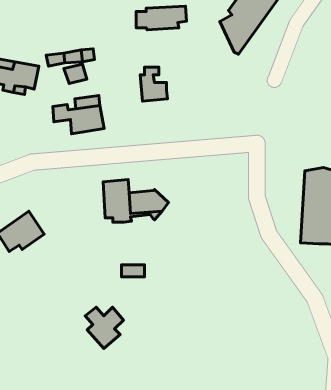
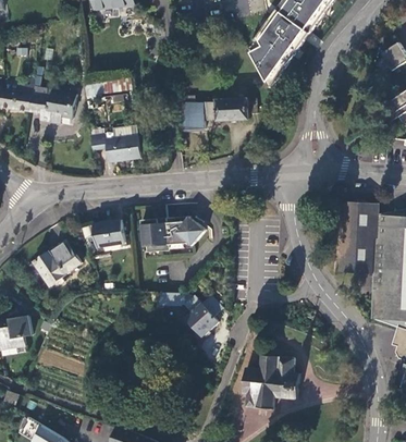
building: [136,6,186,30] -> [206,98,256,122]
building: none -> [93,221,125,248]
building: [85,307,123,349] -> [183,296,221,337]
building: none -> [241,355,298,409]

